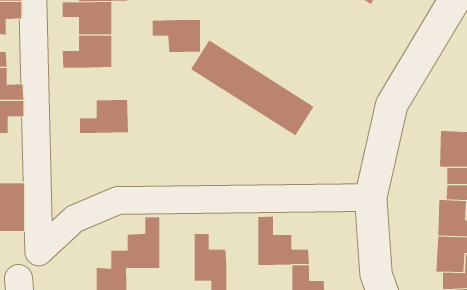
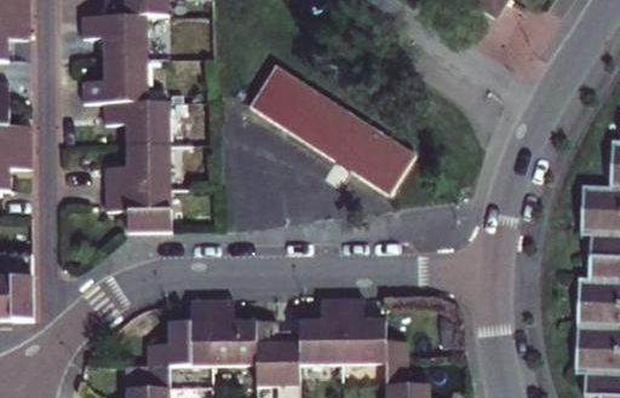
building: [152,20,201,53] -> [105,102,170,145]
building: none -> [105,188,171,230]
building: none -> [212,299,257,367]
building: none -> [300,299,340,363]

